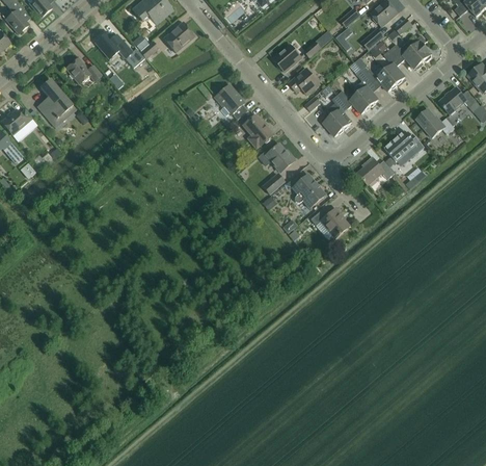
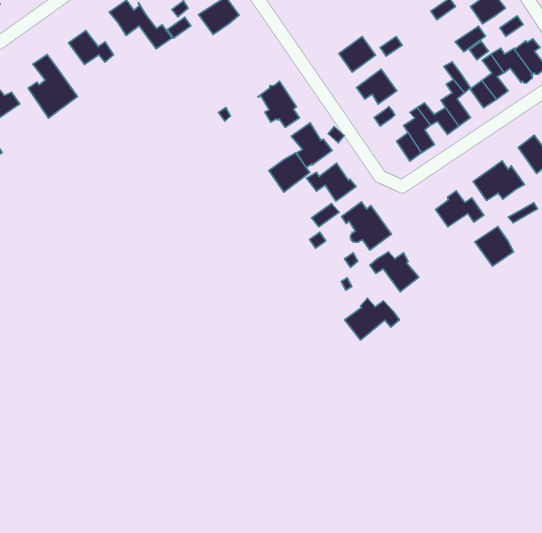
building: none -> [269,153,310,192]
building: none -> [475,226,514,266]
building: none -> [345,298,400,340]

